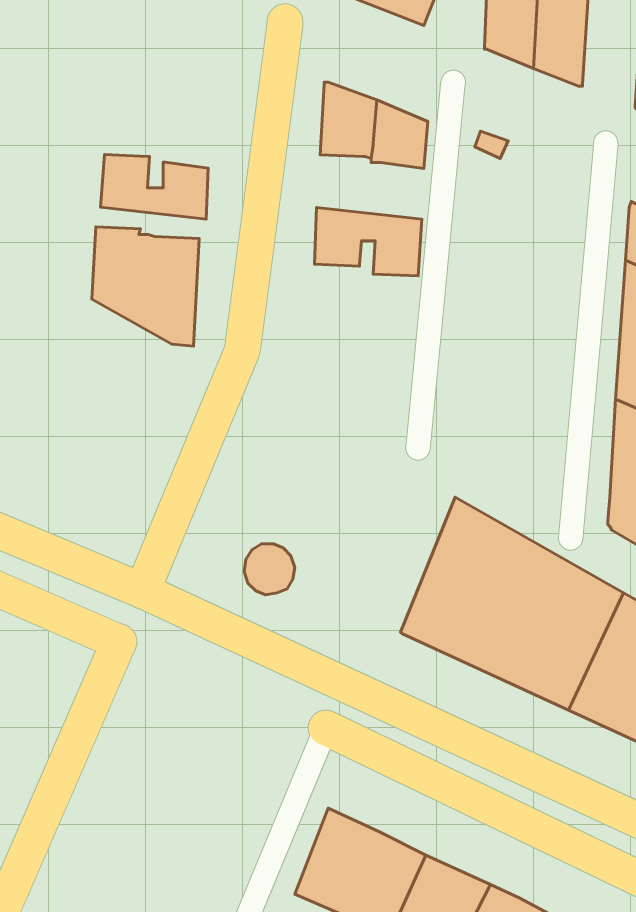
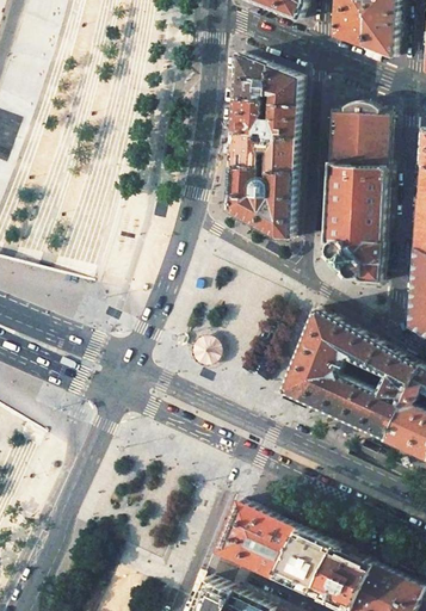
building: [101,154,208,219] -> [230,100,296,140]
building: none -> [321,104,388,284]
building: [92,227,199,346] -> [227,167,292,240]

